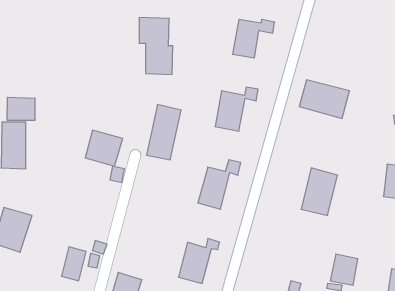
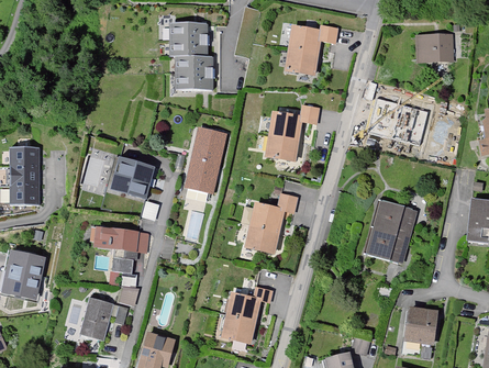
building: none -> [418,34,452,60]
building: [7,97,35,120] -> none
building: none -> [96,227,146,268]

